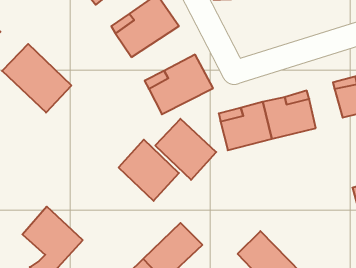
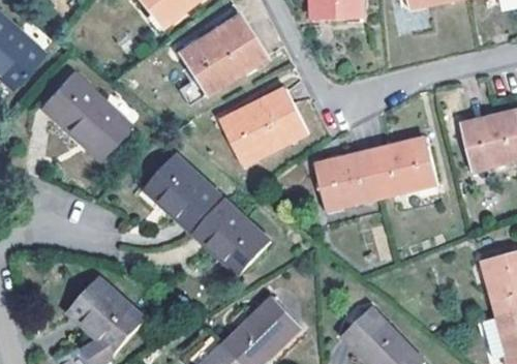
building: [155,119,216,180] -> [145,153,222,231]

